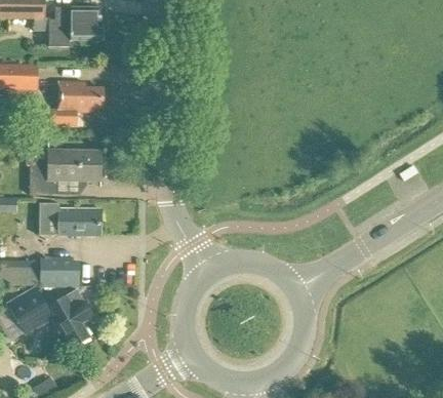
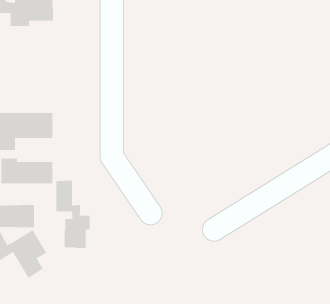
building: [47,82,103,125] -> none
building: none -> [56,180,90,249]

